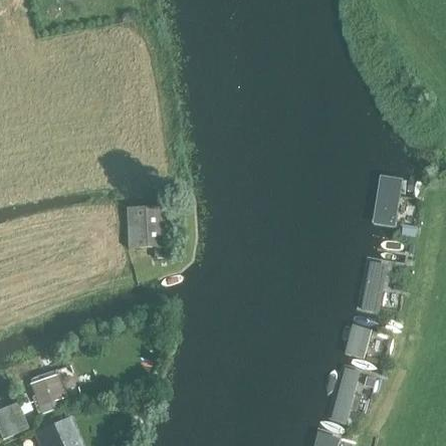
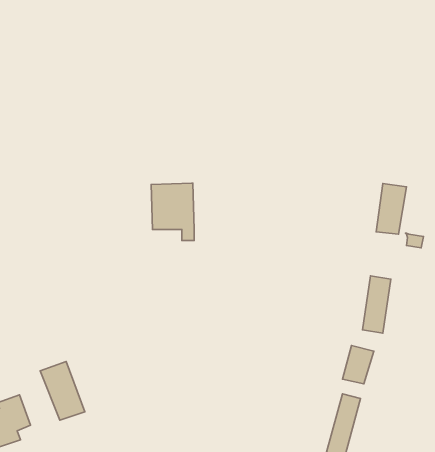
building: [126,205,164,256] -> [151,183,194,241]
building: none -> [40,361,85,420]

